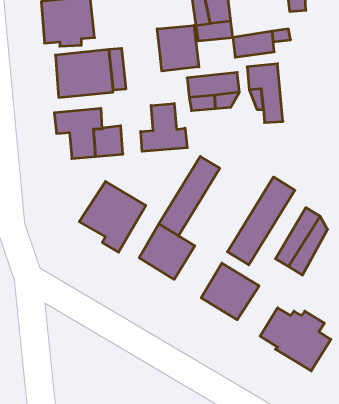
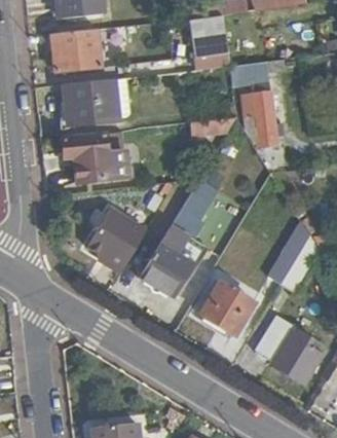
building: [157,25,199,71] -> none
building: [141,103,187,151] -> none
building: [227,177,295,265] -> none

